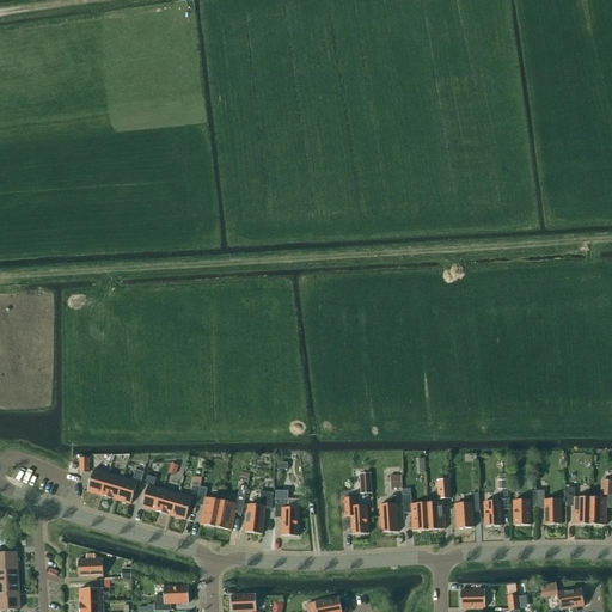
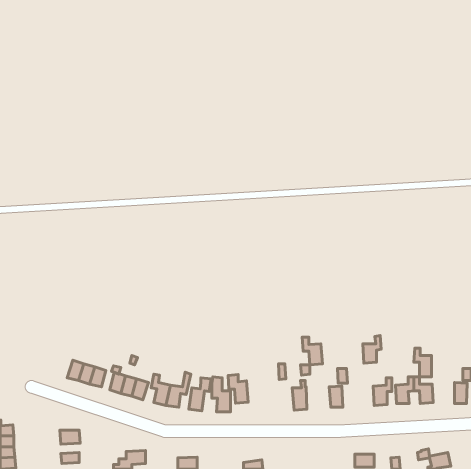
building: [567,486,589,524] -> [414,348,431,377]
building: [455,491,479,527] -> [363,335,381,363]
building: [403,494,429,530] -> [302,337,323,365]
building: [343,496,369,533] -> [228,375,248,403]

